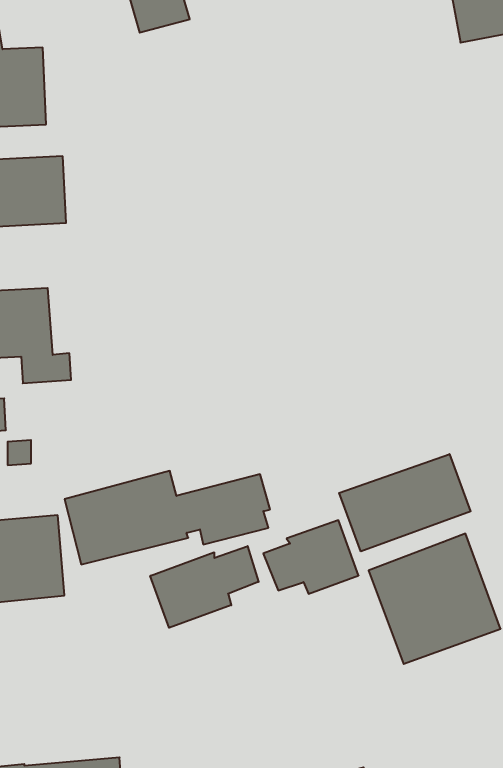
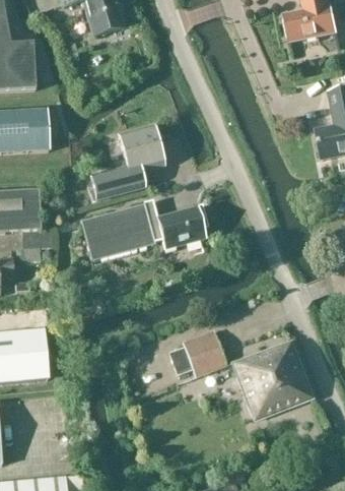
building: none -> [92,123,165,198]
building: [339,454,471,551] -> none
building: [65,471,270,564] -> [81,202,206,259]
building: [150,546,259,628] -> none

